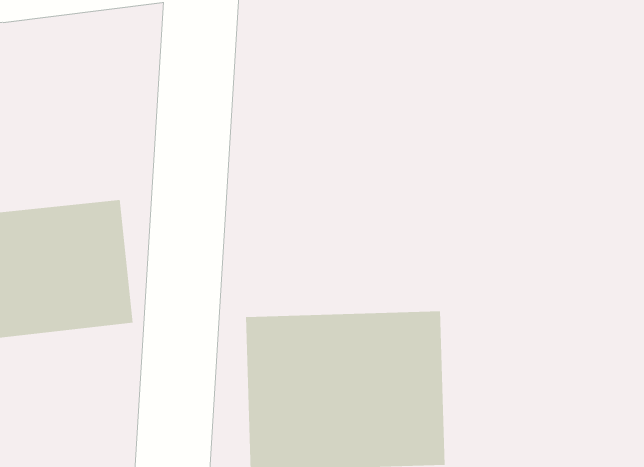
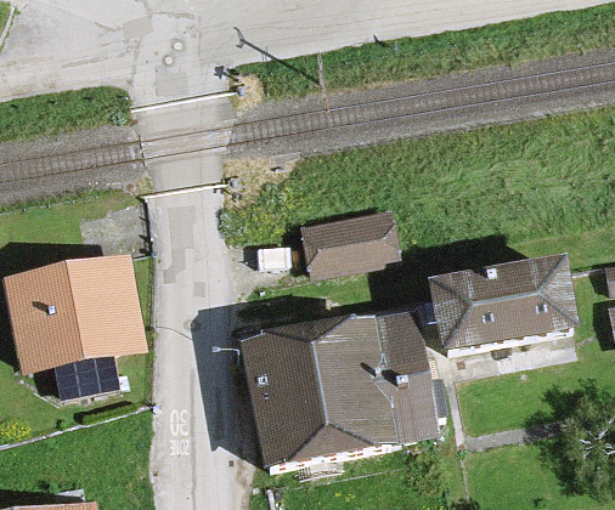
building: none -> [297,206,405,277]
building: none -> [429,250,577,346]

